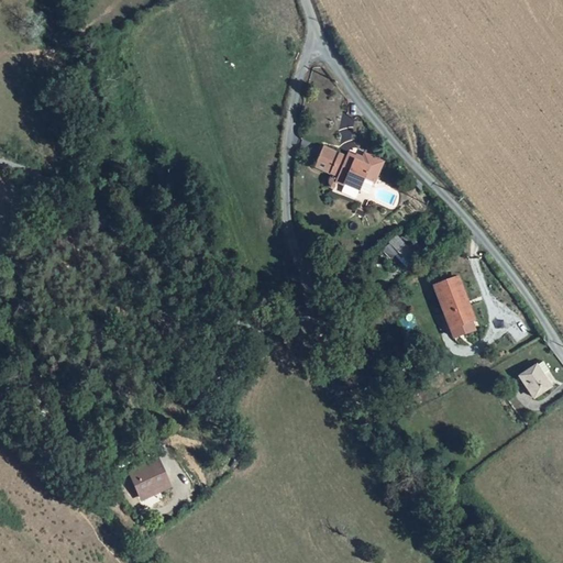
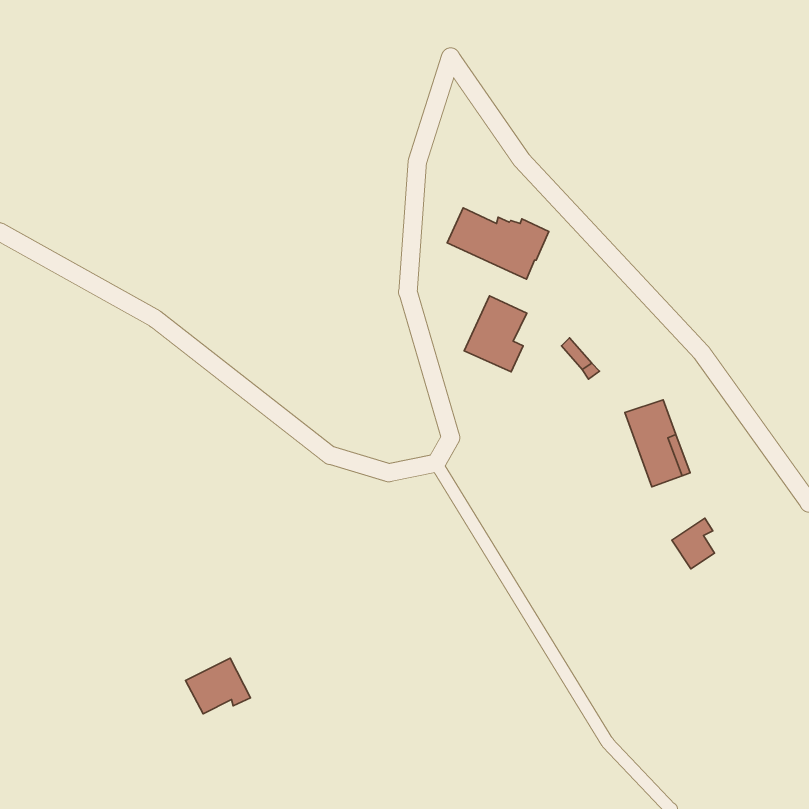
building: none -> [464,296,527,372]
building: [519,360,549,395] -> [672,518,715,569]

